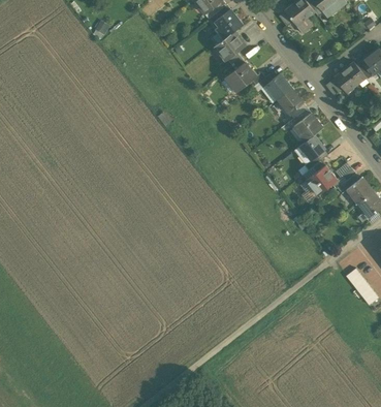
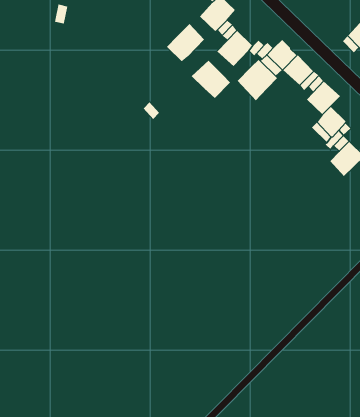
building: none -> [166,23,205,62]
building: none -> [191,60,231,99]
building: none -> [237,59,278,101]

